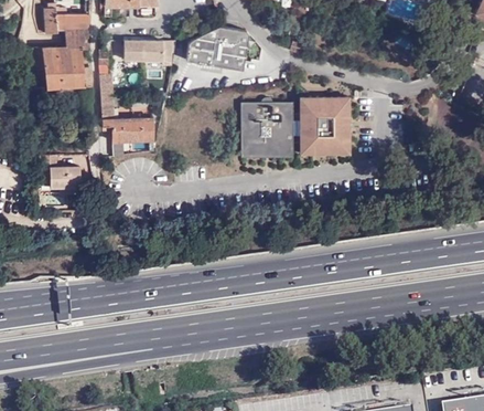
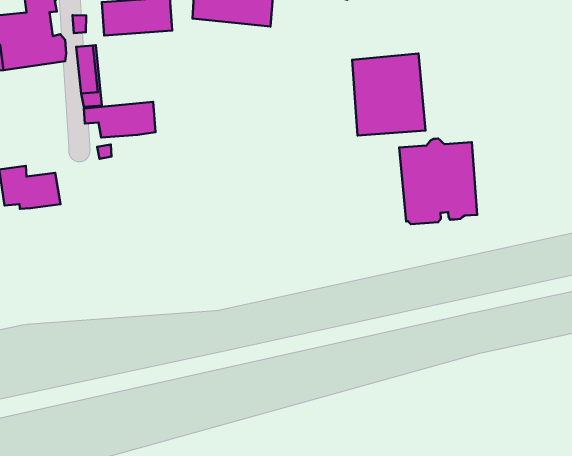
building: [240,96,293,157] -> [399,139,477,224]

